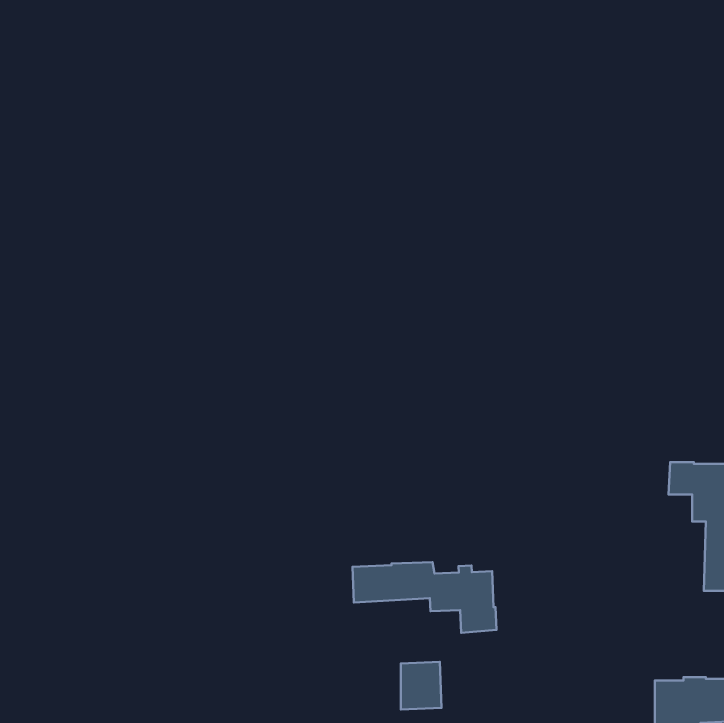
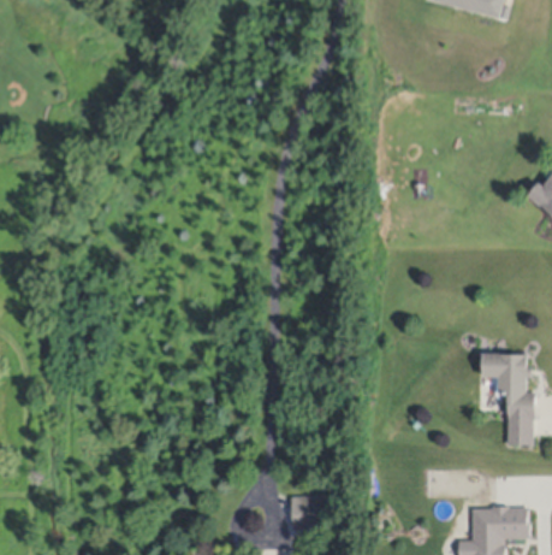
building: [352,562,496,633] -> none

